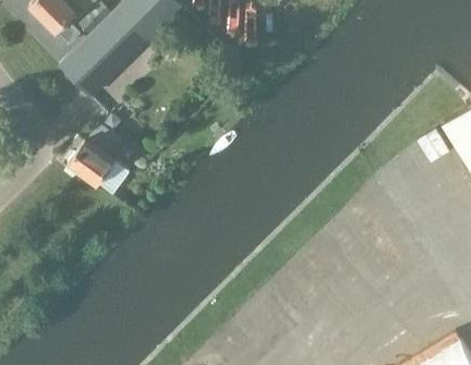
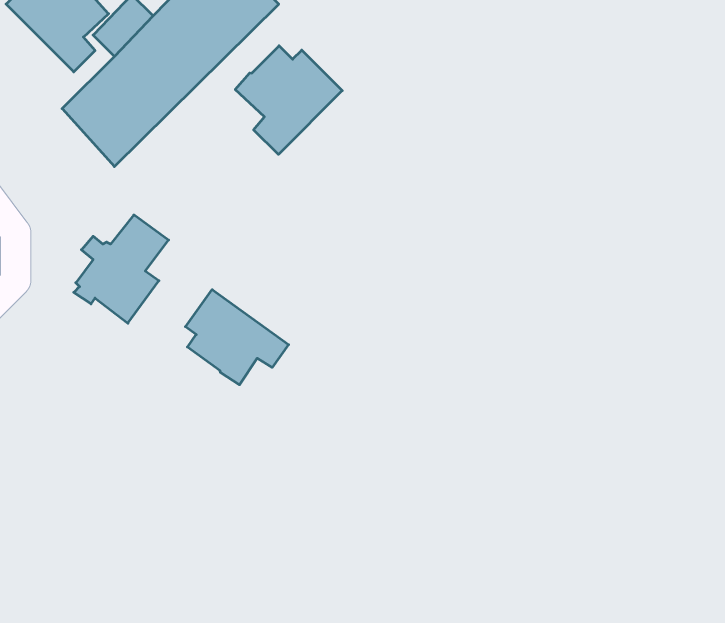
building: none -> [235,46,342,154]
building: none -> [185,290,289,385]

